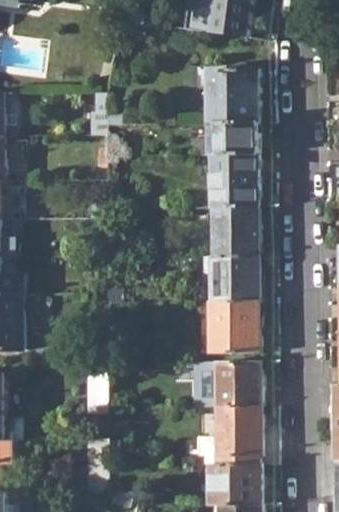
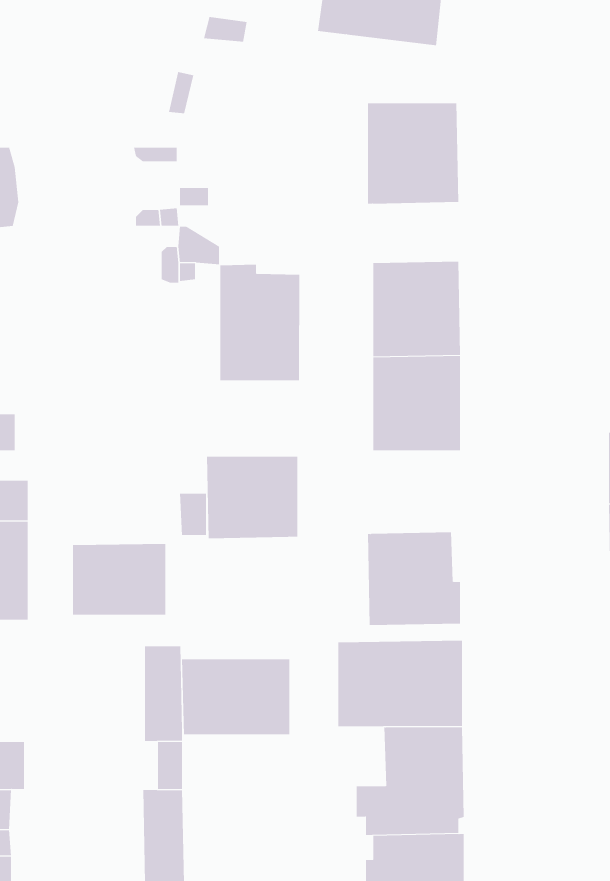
building: [209,123,256,156] -> none
building: none -> [220,264,300,381]
building: [207,258,257,303] -> [206,456,298,539]
building: none -> [73,543,166,616]
building: none -> [181,659,290,735]

